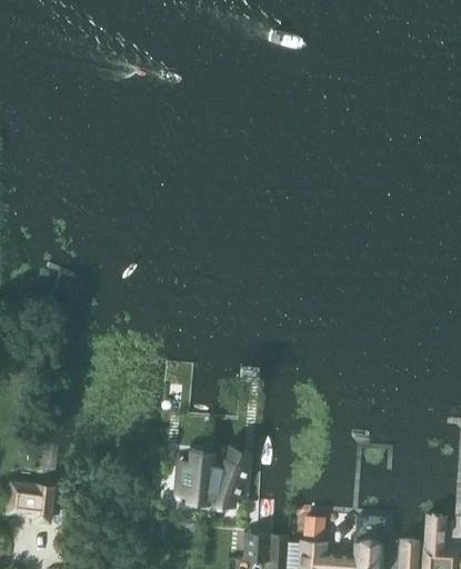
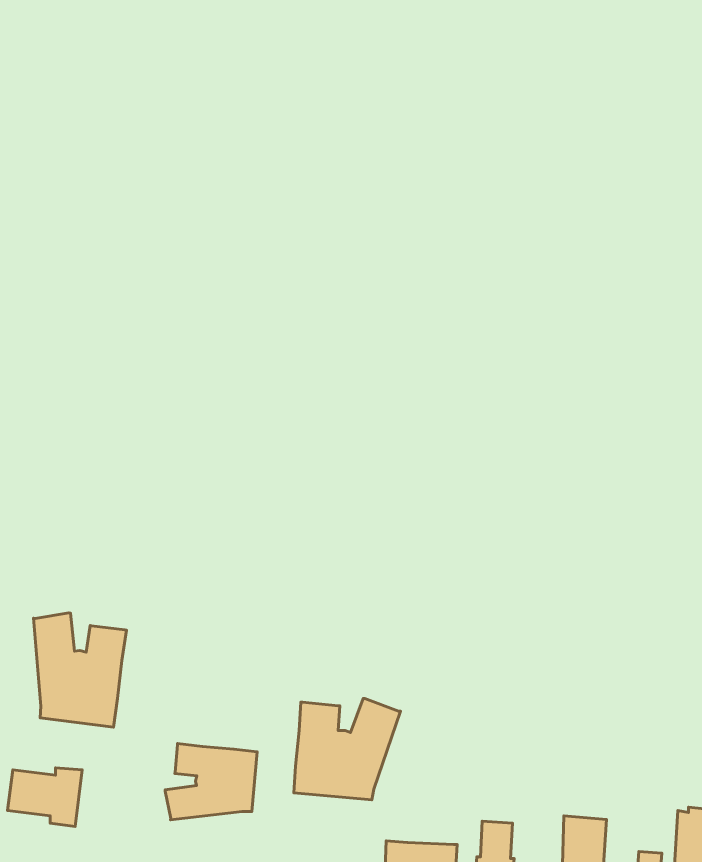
building: none -> [34,613,127,727]
building: none -> [165,744,257,820]

